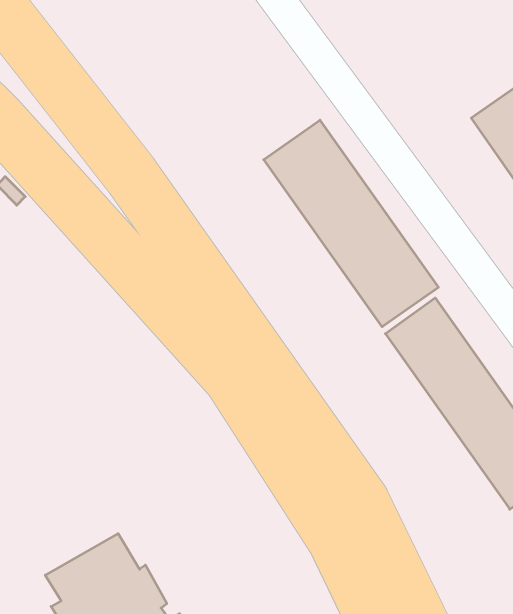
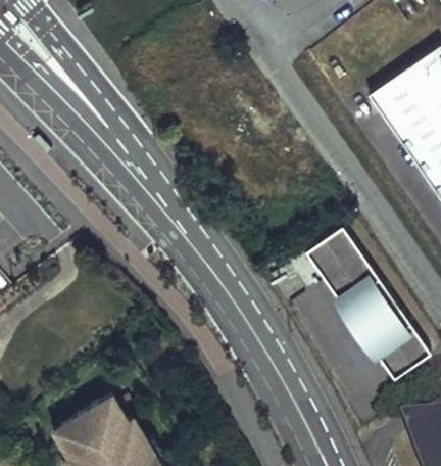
building: [264,120,438,327] -> none

